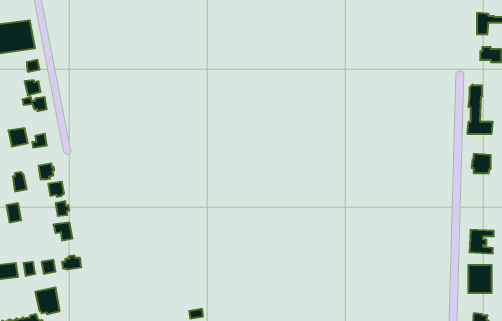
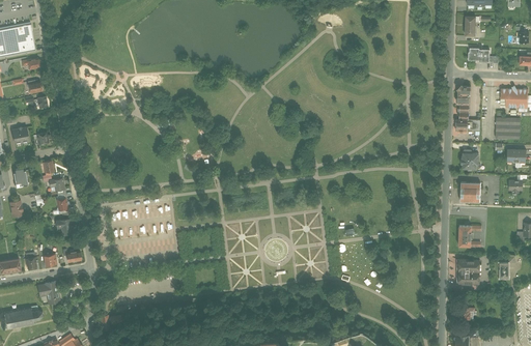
building: none -> [459,181,480,204]

